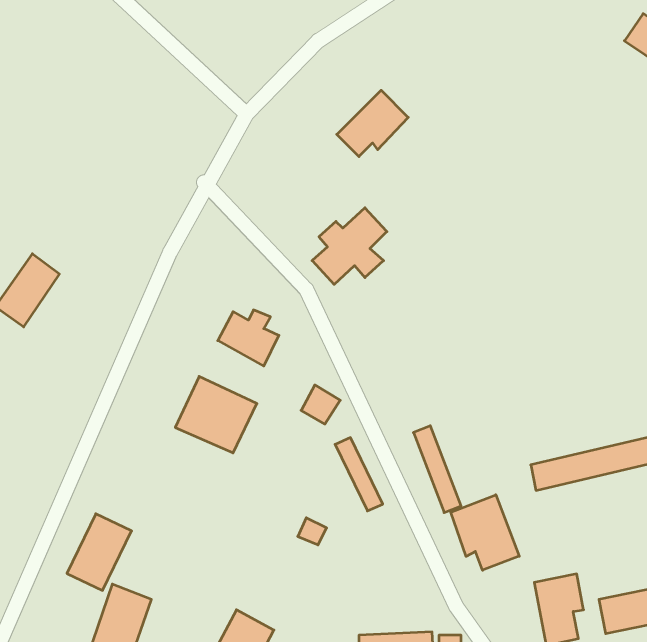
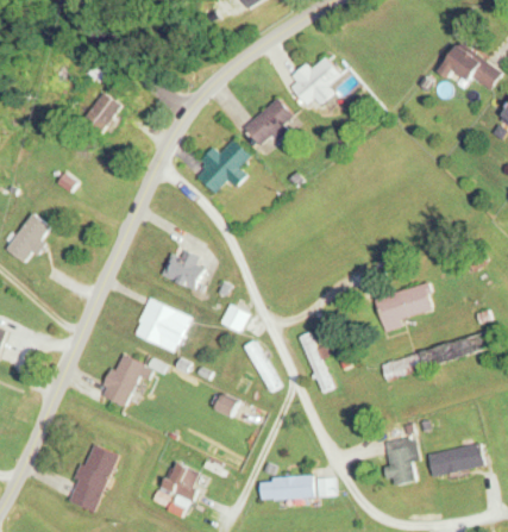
building: none -> [291,62,337,106]
building: none -> [83,93,123,136]
building: [312,208,387,284] -> [197,139,250,193]
building: none -> [375,283,434,331]
building: [451,495,519,570] -> none
building: [67,514,132,590] -> [100,352,145,406]

